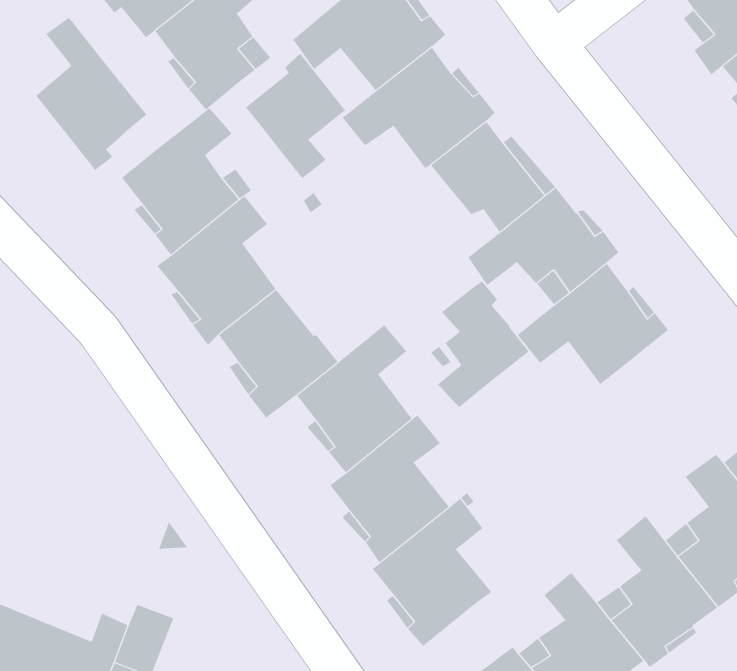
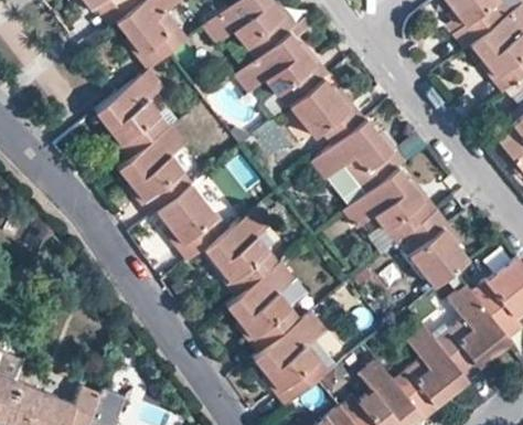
building: [36,17,147,171] -> none
building: [245,53,346,179] -> none
building: [437,280,530,408] -> none
building: none -> [405,208,471,286]

